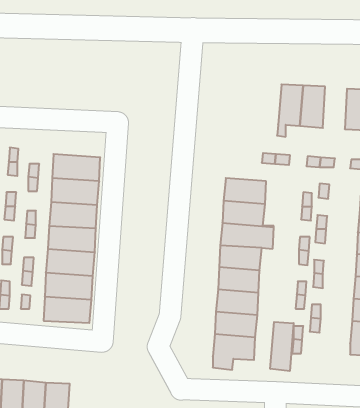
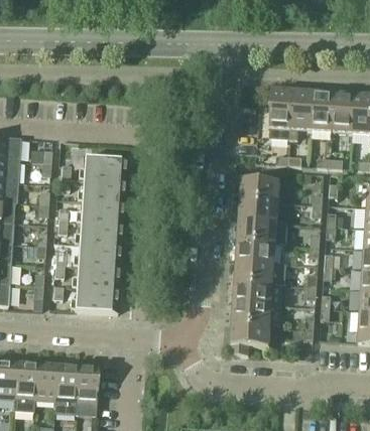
building: none -> [268,89,293,138]
building: none -> [332,93,354,132]
building: [270,322,294,371] -> none

